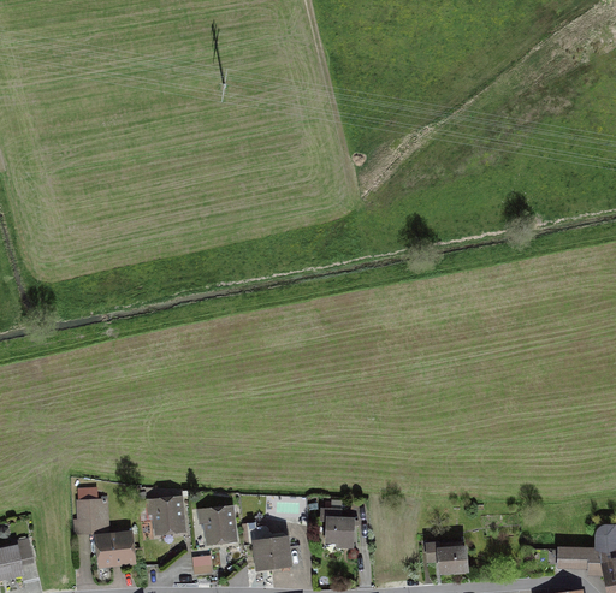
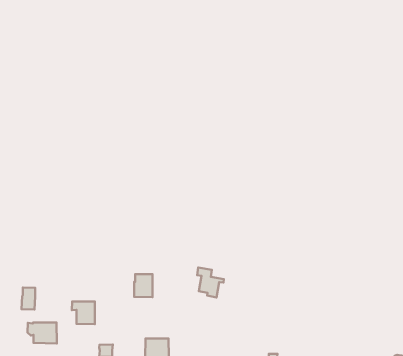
building: [207,508,235,541] -> [134,274,153,297]
building: [321,508,359,546] -> [197,267,224,297]

